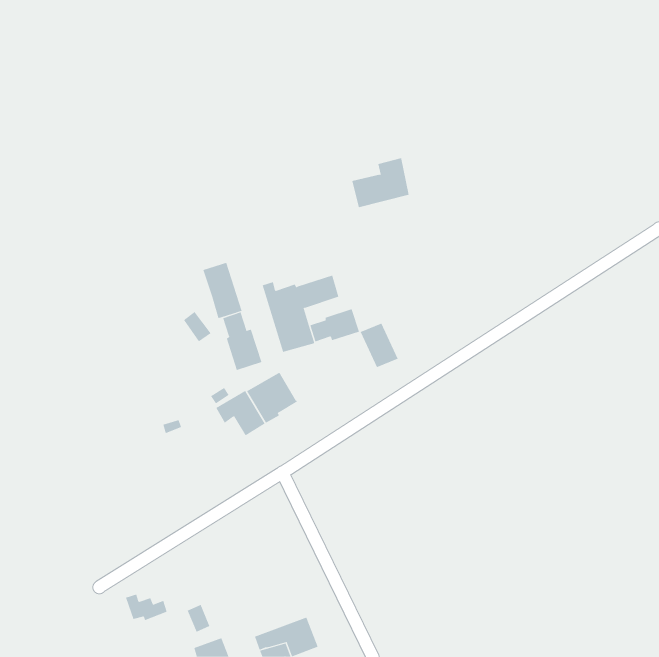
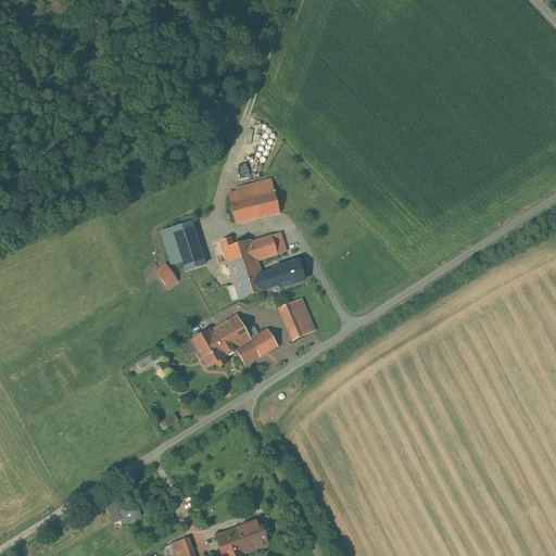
building: [352,158,410,208] -> [229,180,278,223]
building: [223,312,262,371] -> none
building: [360,323,398,368] -> [279,300,312,338]
building: none -> [235,327,277,365]

